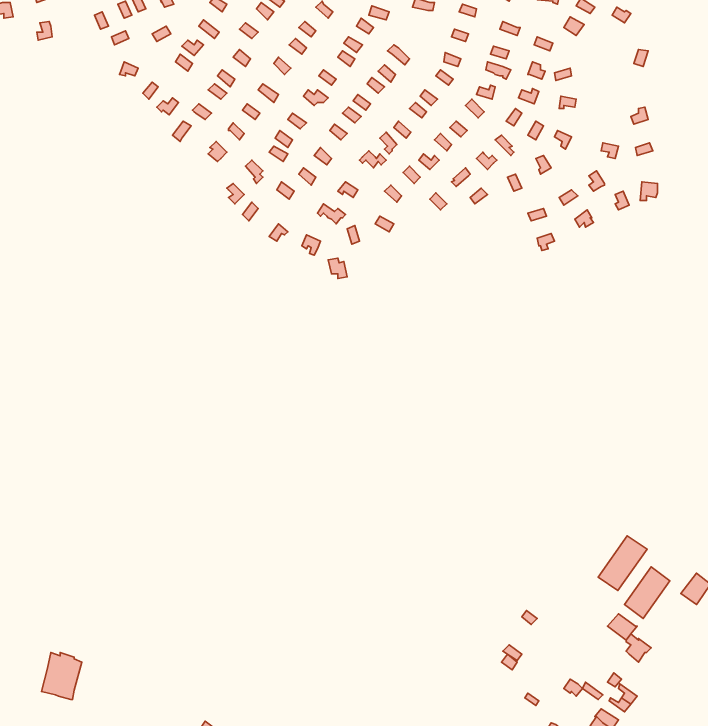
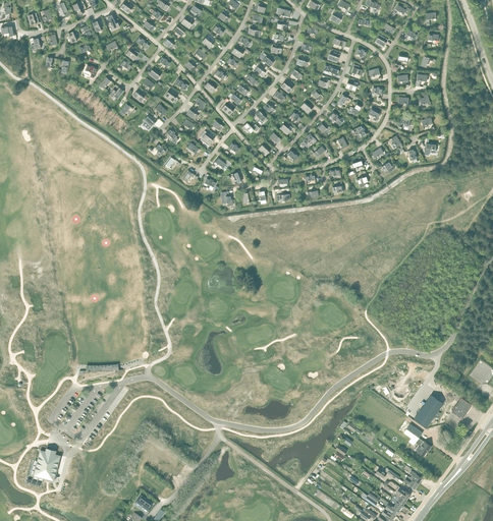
building: [598,536,647,590] -> none

